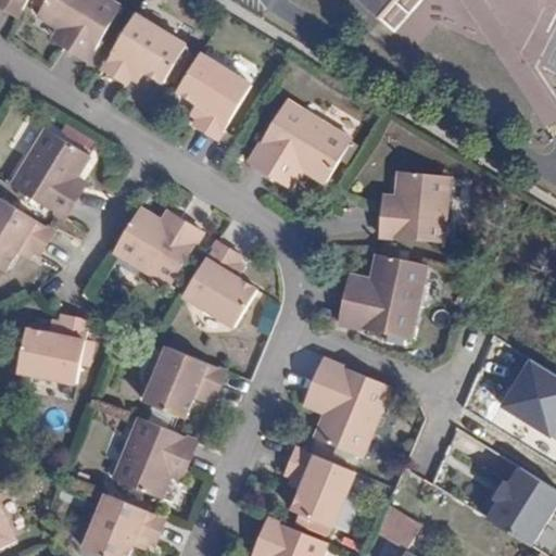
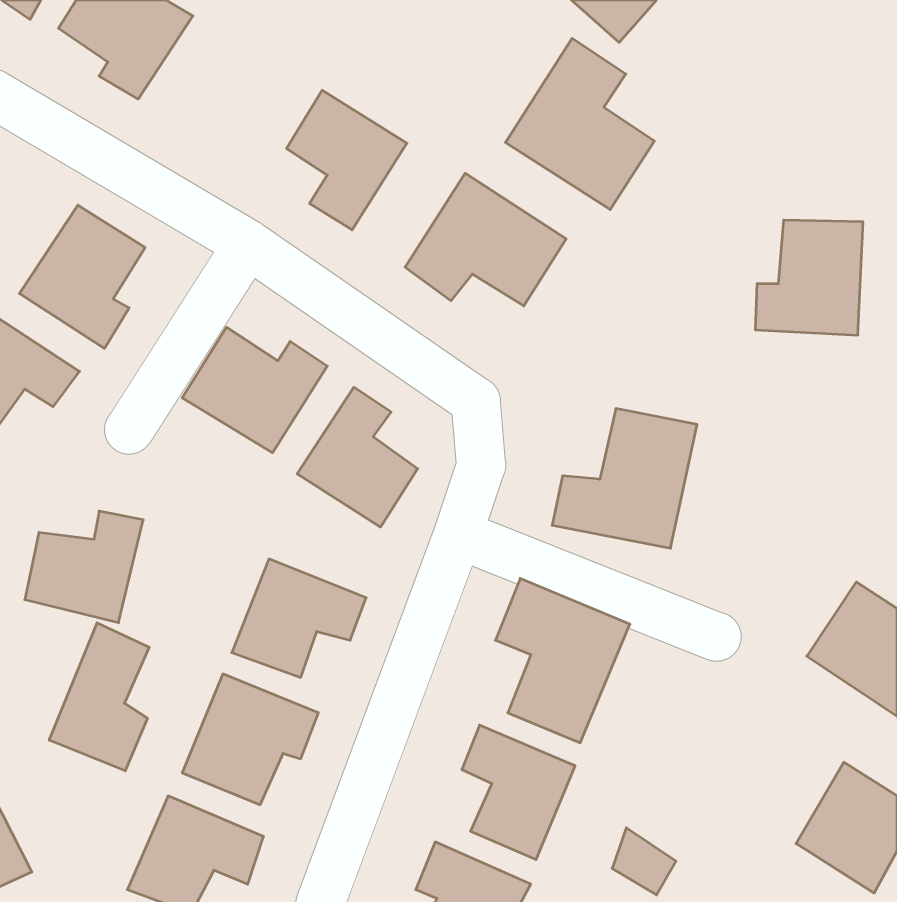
building: [100,15,185,87] -> none
building: none -> [505,38,654,210]
building: [381,169,447,240] -> [755,220,863,335]
building: none -> [49,623,149,771]

